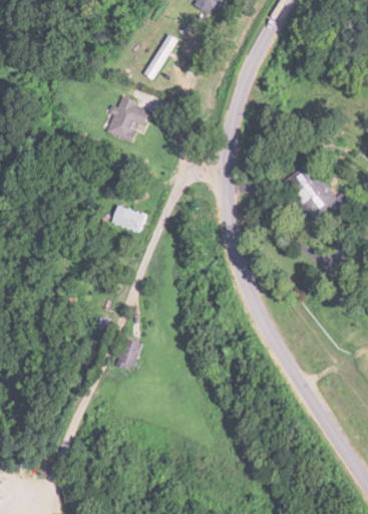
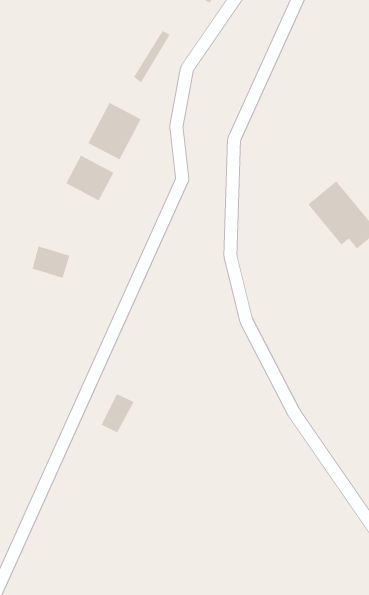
building: none -> [65,155,114,201]
building: [111,206,143,233] -> [32,246,70,278]

